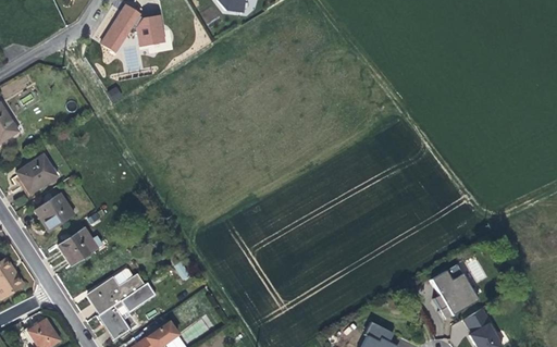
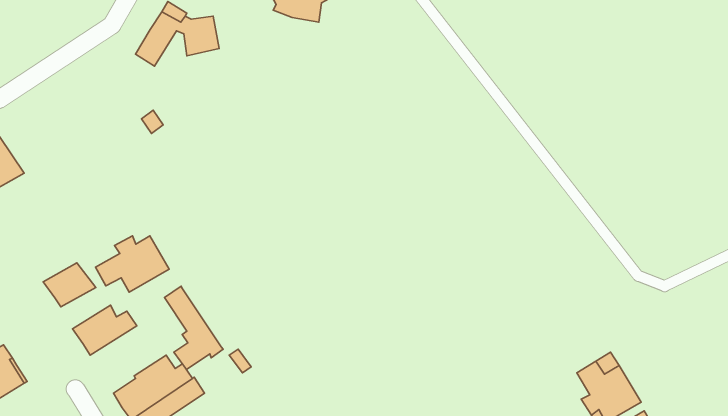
building: [18,158,58,194] -> none
building: none -> [96,236,169,292]
building: none -> [164,286,223,370]

